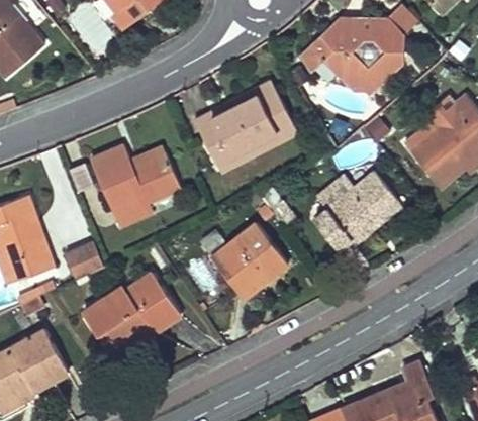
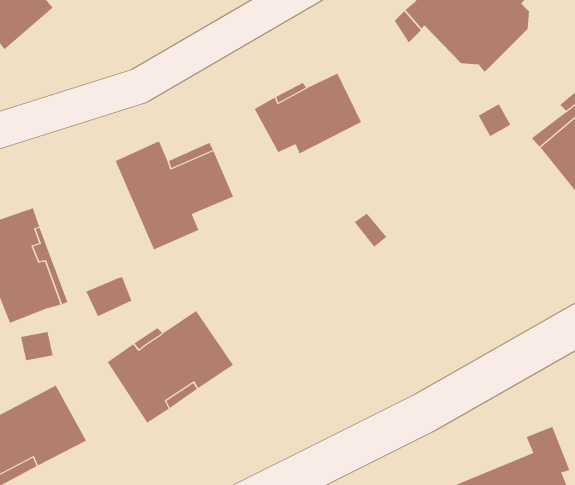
building: [315,172,401,249] -> none
building: [212,222,287,298] -> none

